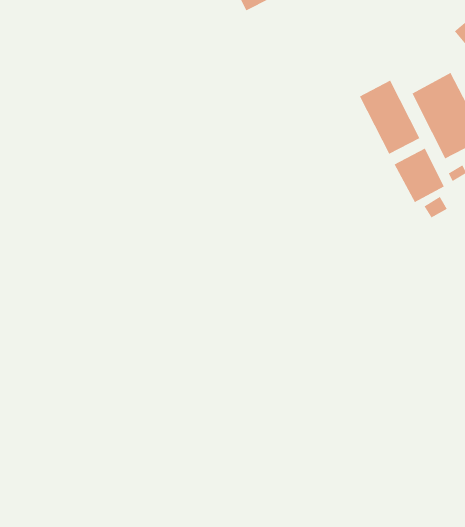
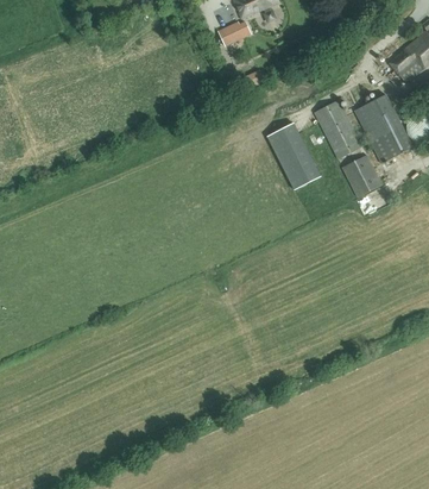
building: none -> [266,123,320,189]

